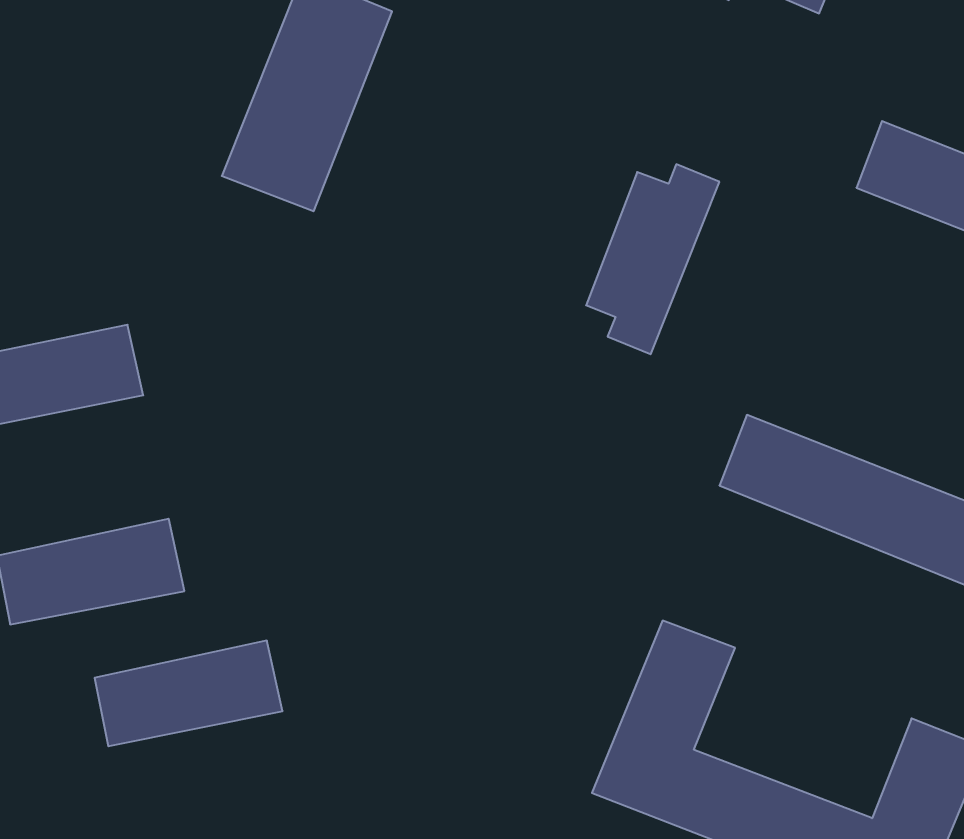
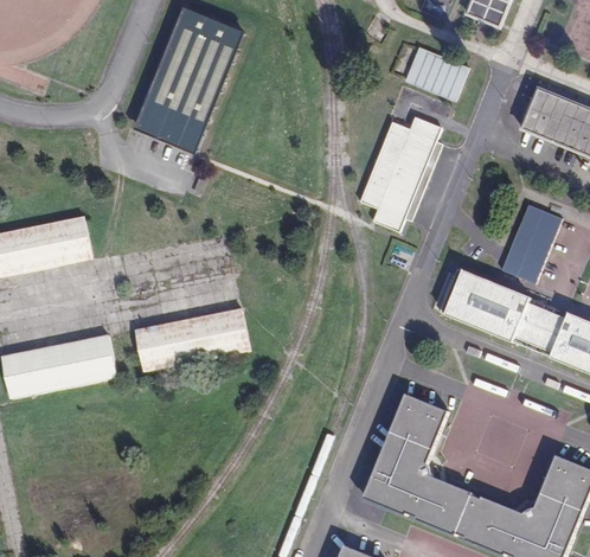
building: none -> [406,44,472,100]
building: none -> [504,201,564,281]
building: [95,641,283,746] -> [134,306,248,370]

